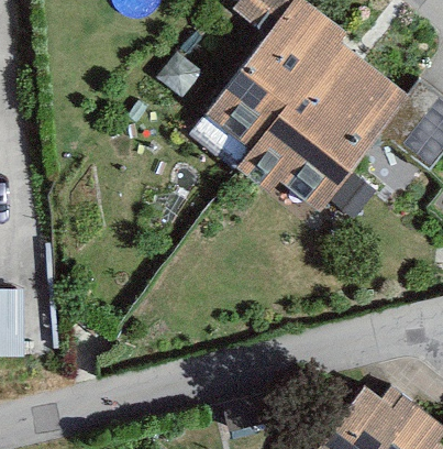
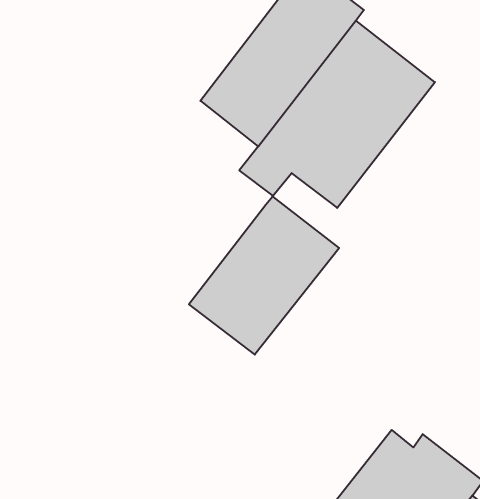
building: none -> [189,196,339,355]

